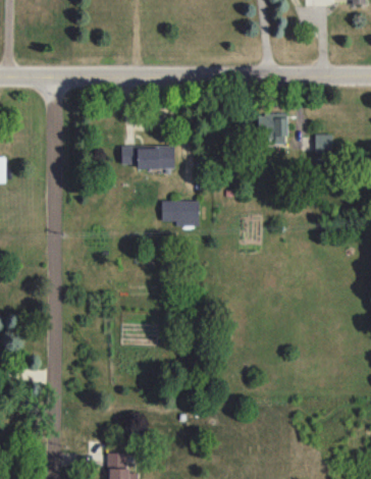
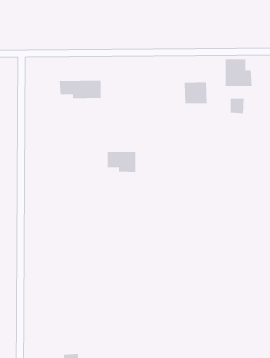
building: none -> [225,58,252,87]
building: [121,146,174,169] -> [59,80,102,99]

